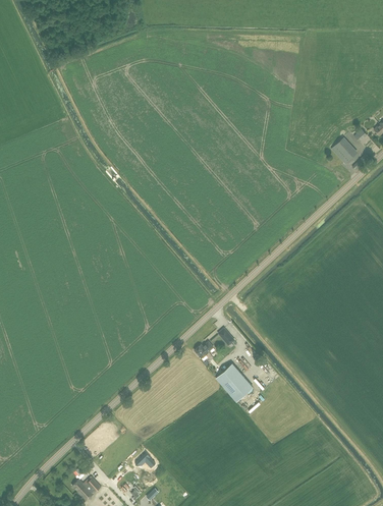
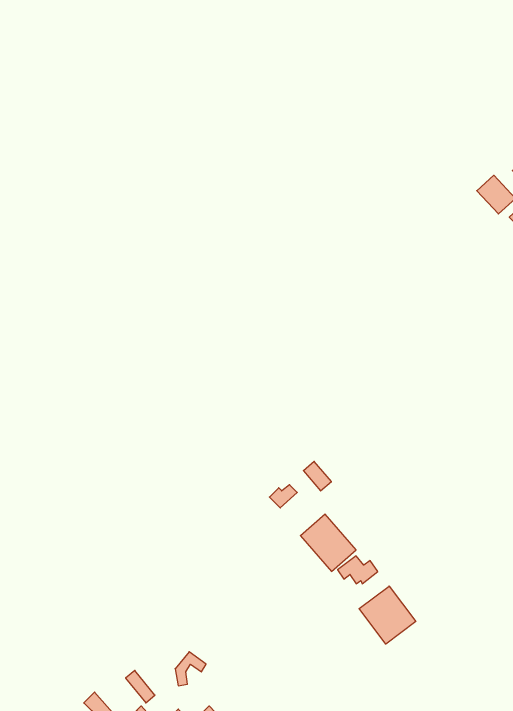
building: none -> [359,586,416,644]

